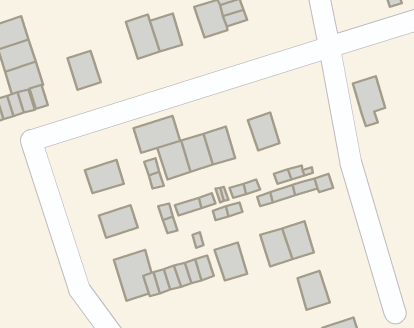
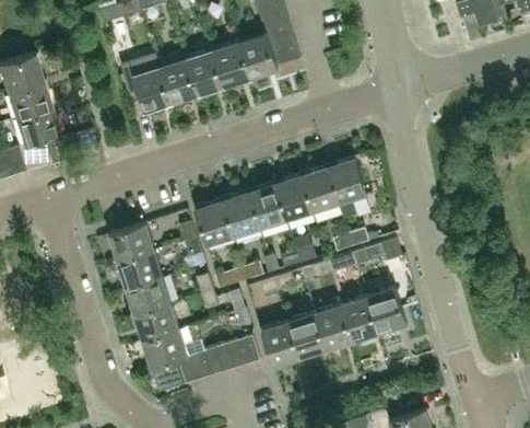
building: none -> [213,42,250,86]
building: [67,51,101,90] -> [132,66,172,112]
building: [353,76,385,126] -> [328,158,366,217]
building: [133,116,180,153] -> none
building: none -> [275,175,314,220]
building: none -> [118,251,163,288]
building: none -> [134,302,180,340]
building: none -> [290,311,328,357]
building: [297,271,330,310] -> [368,286,407,332]

